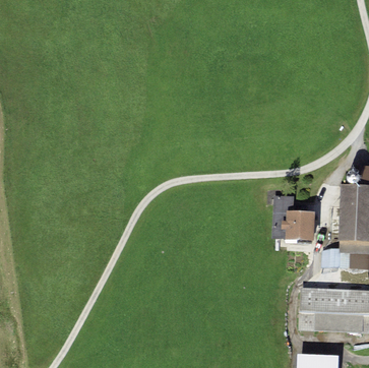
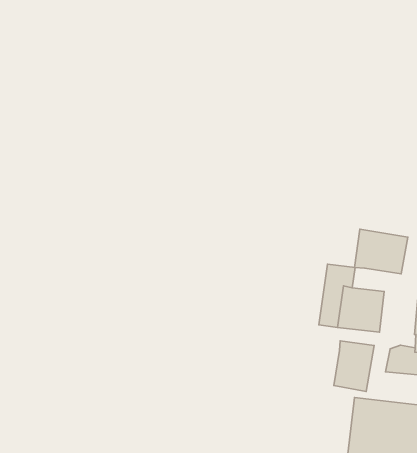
building: none -> [355,229,408,274]
building: none -> [334,341,374,392]

